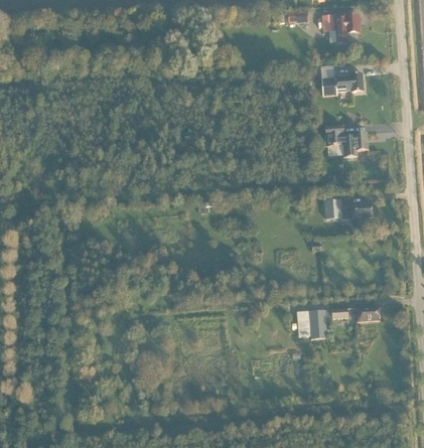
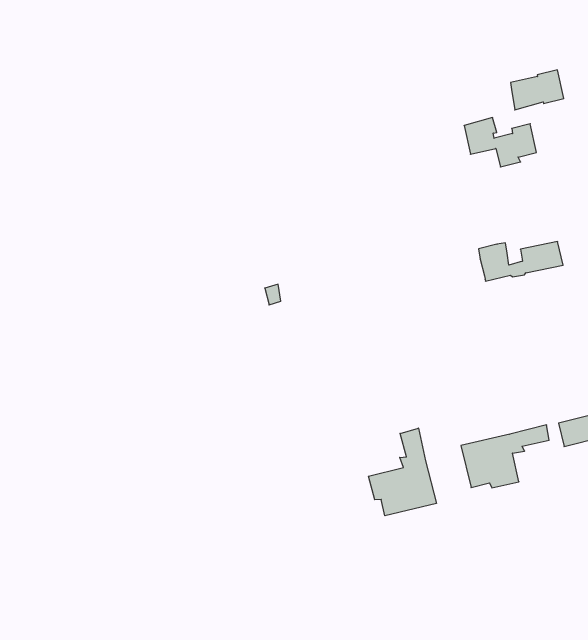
building: [332,71,362,91] -> [511,70,564,110]
building: none -> [368,428,436,516]

